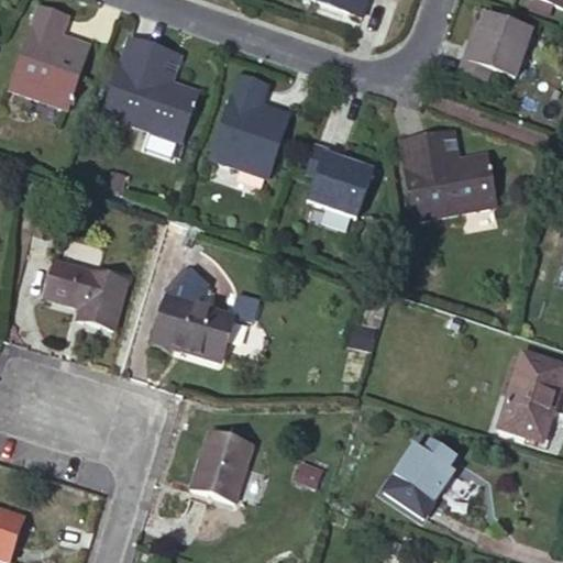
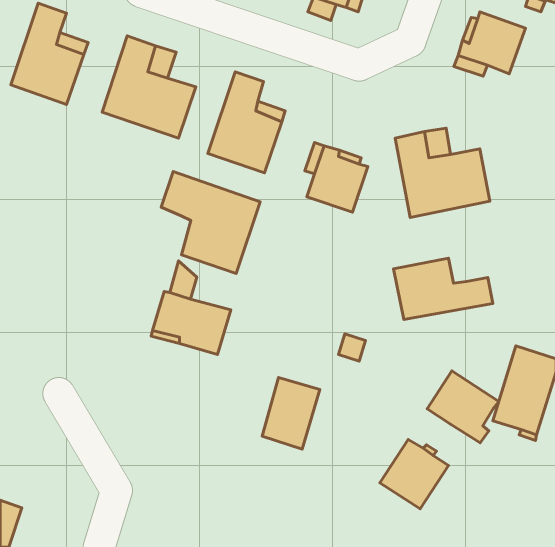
building: none -> [161,172,260,273]
building: [45,258,128,328] -> none
building: none -> [394,258,493,320]
building: none -> [427,371,499,443]
building: [194,429,252,501] -> [262,377,320,449]

